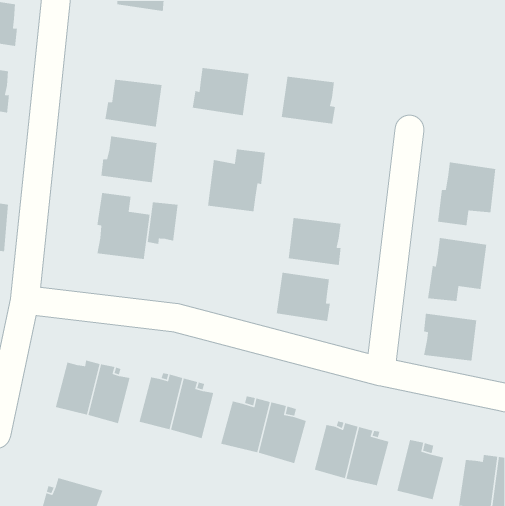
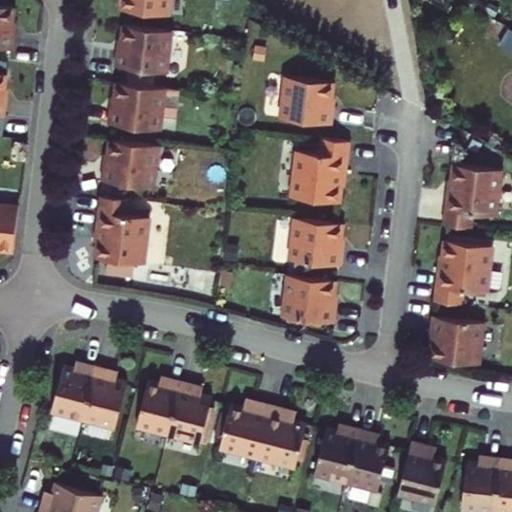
building: [192,67,250,116] -> [110,24,168,73]
building: [207,148,266,212] -> [292,142,351,206]
building: [147,202,179,245] -> none

